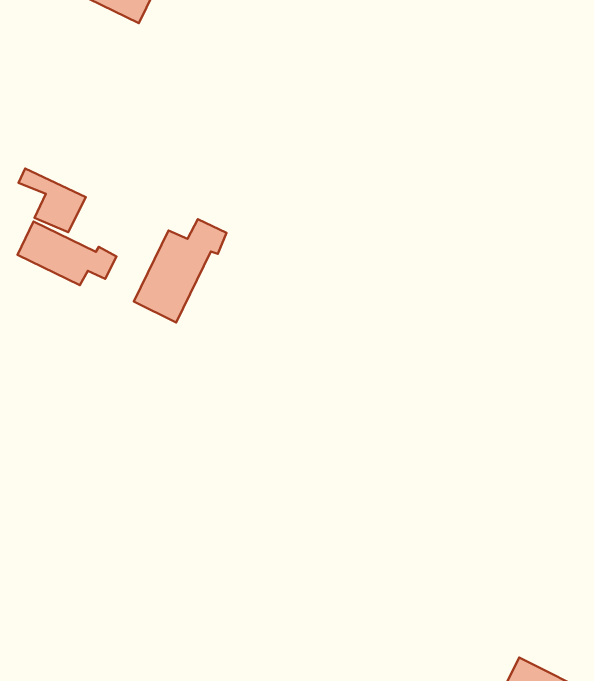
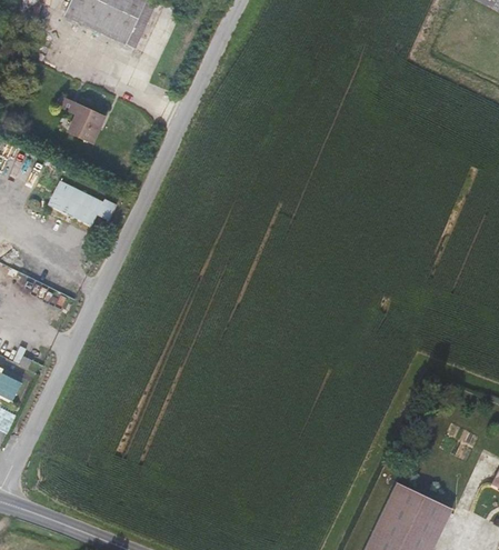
building: [19,168,86,232] -> [57,97,103,141]
building: [134,219,227,322] -> none

